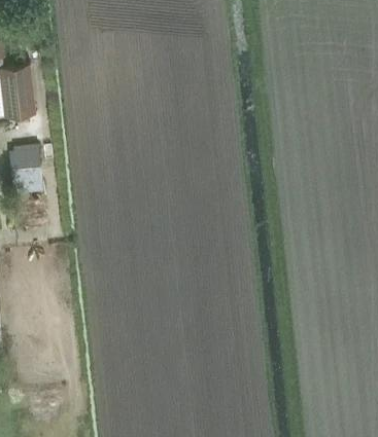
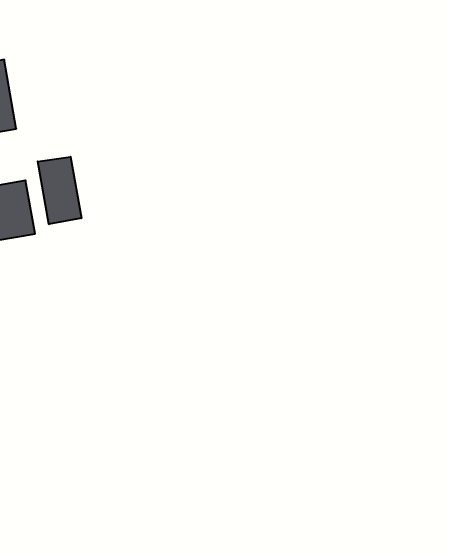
building: none -> [38,157,81,224]

